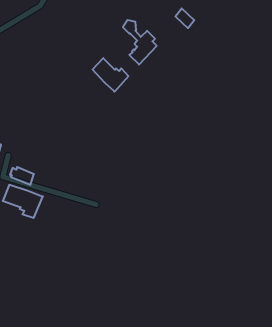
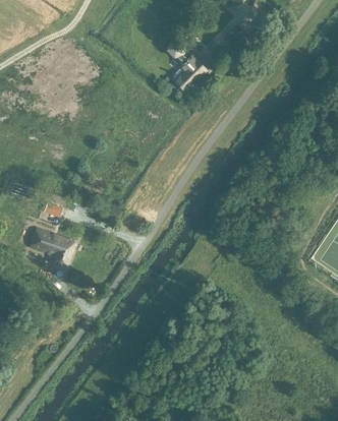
building: [93,58,128,92] -> none

